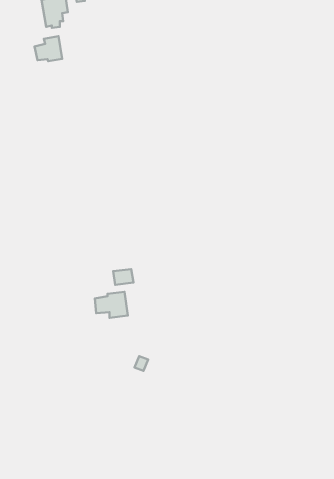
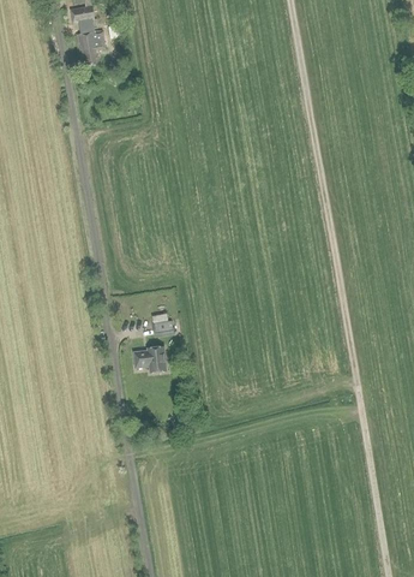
building: [34,36,62,61] -> none

